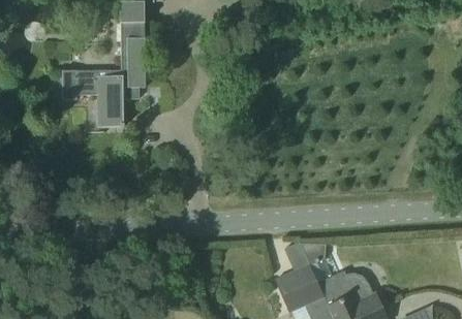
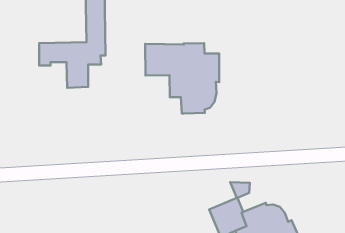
building: none -> [145,43,219,114]

